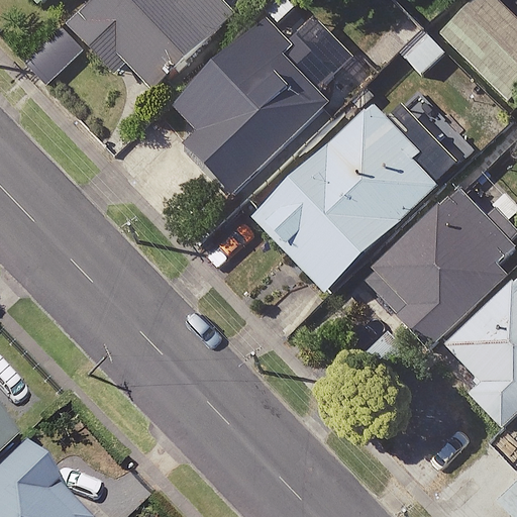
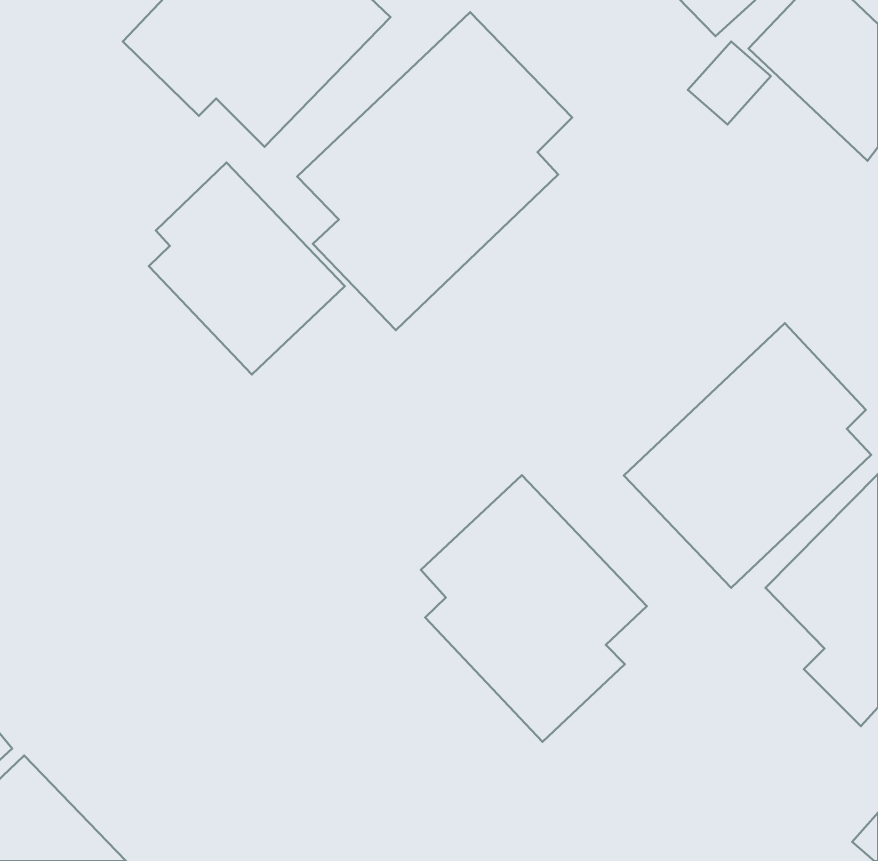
building: none -> [149,162,345,374]
building: [255,100,445,290] -> none
building: none -> [421,475,647,742]

